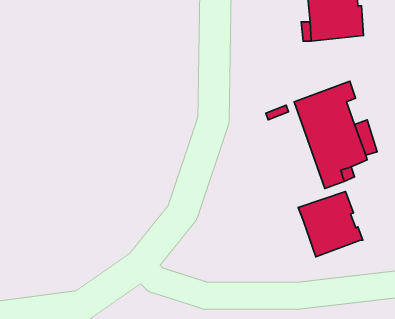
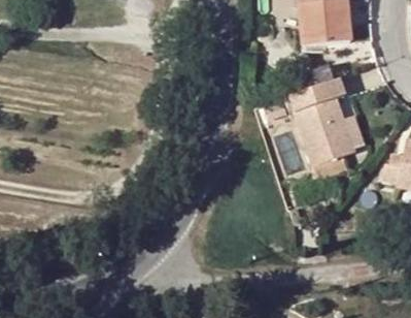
building: [298,191,363,257] -> none

